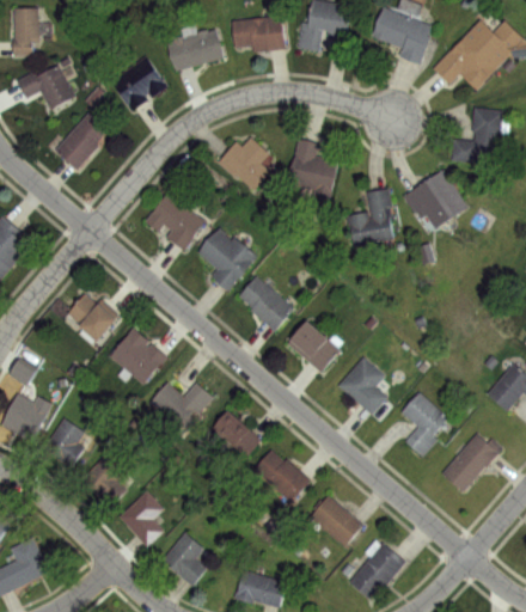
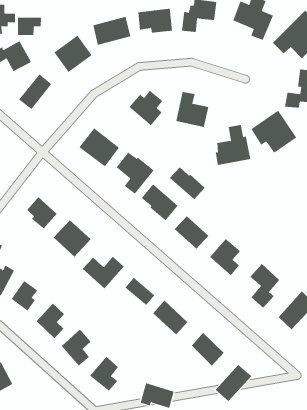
building: none -> [17,17,41,36]
building: none -> [169,166,206,200]

